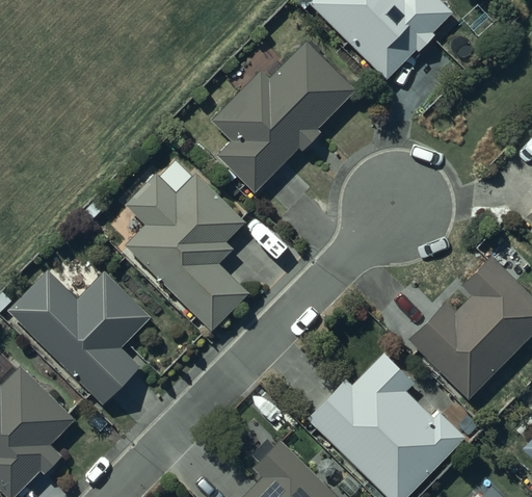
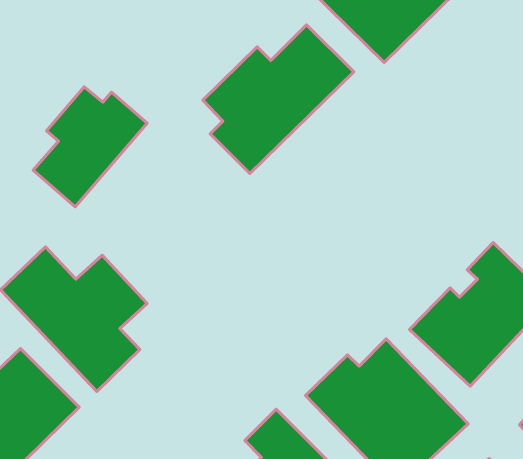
building: none -> [33,87,147,207]
building: [110,169,254,339] -> none

